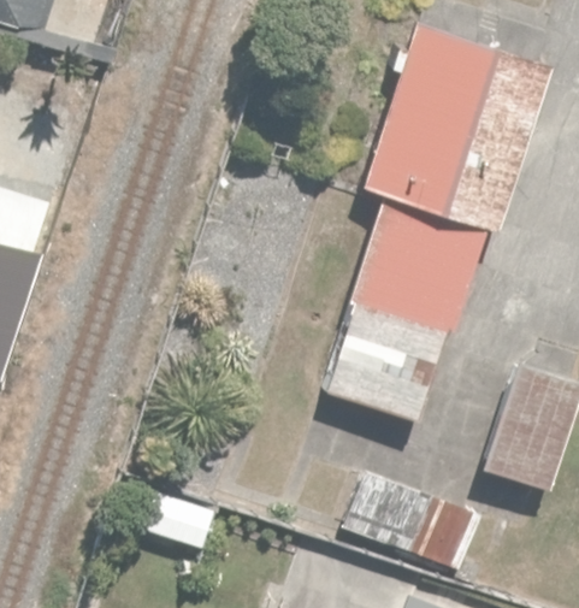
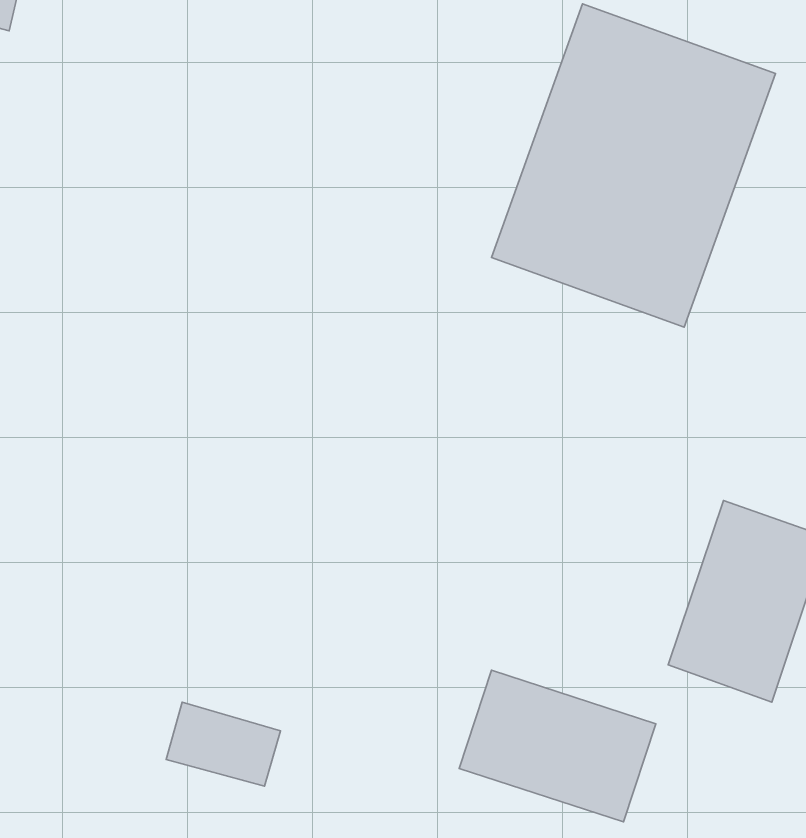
building: [324,206,473,418] -> none

